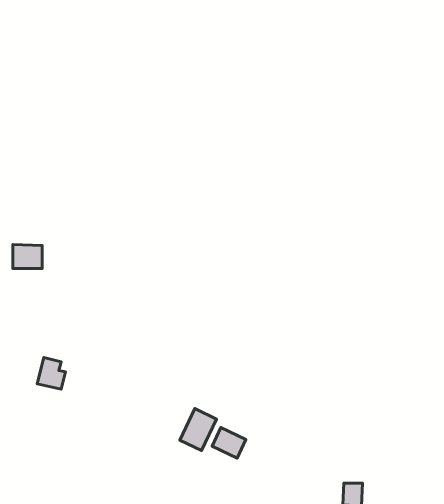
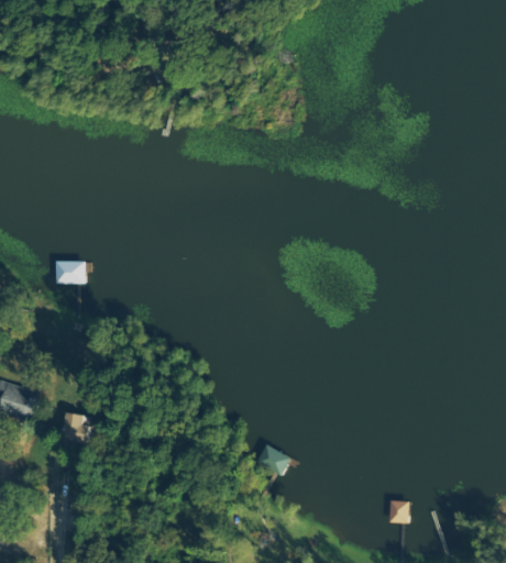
building: [37,358,66,389] -> [62,412,90,444]
building: [180,408,217,451] -> none

